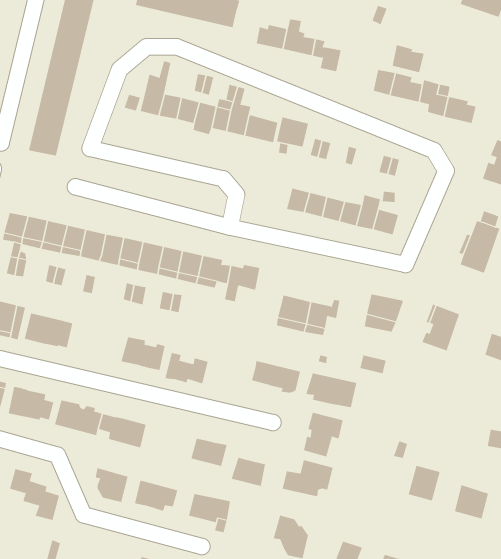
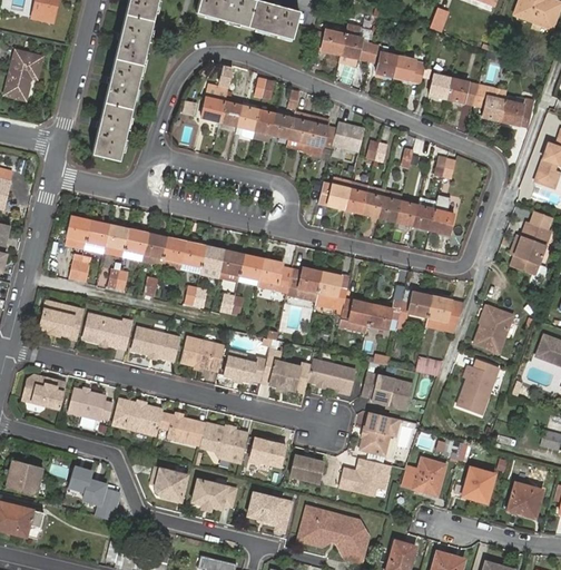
building: [392,45,424,73] -> [393,55,425,82]
building: none -> [316,184,348,212]
building: none -> [311,269,344,313]
building: none -> [393,291,426,321]
building: none -> [131,327,181,361]
building: none -> [262,355,312,392]
building: none -> [459,361,501,415]
building: none -> [199,424,248,463]
building: none -> [410,455,449,493]
building: none -> [296,510,336,542]

